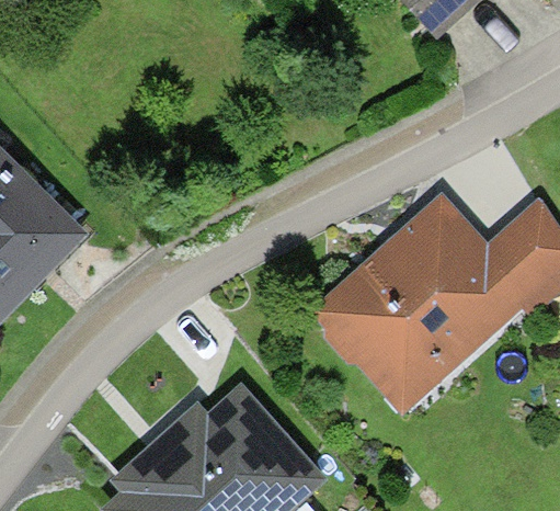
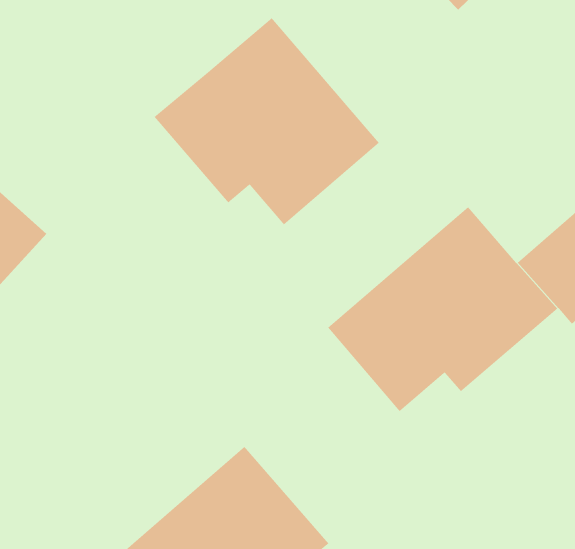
building: none -> [154,17,380,226]

